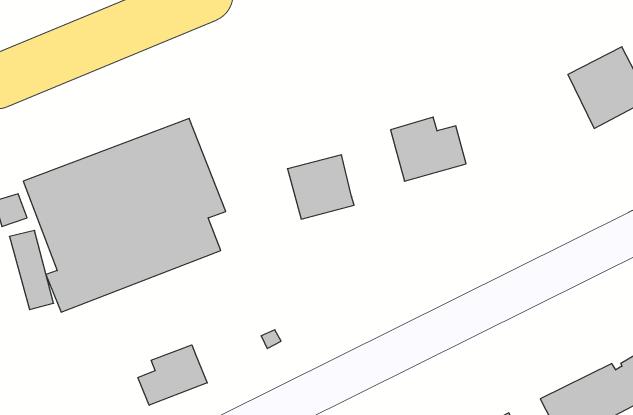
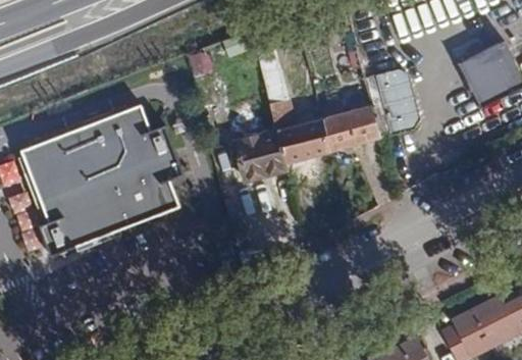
building: none -> [256,47,329,163]
building: none -> [363,69,414,137]
building: [138,345,207,405] -> none

